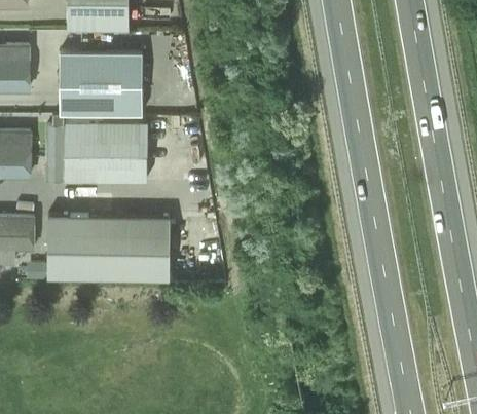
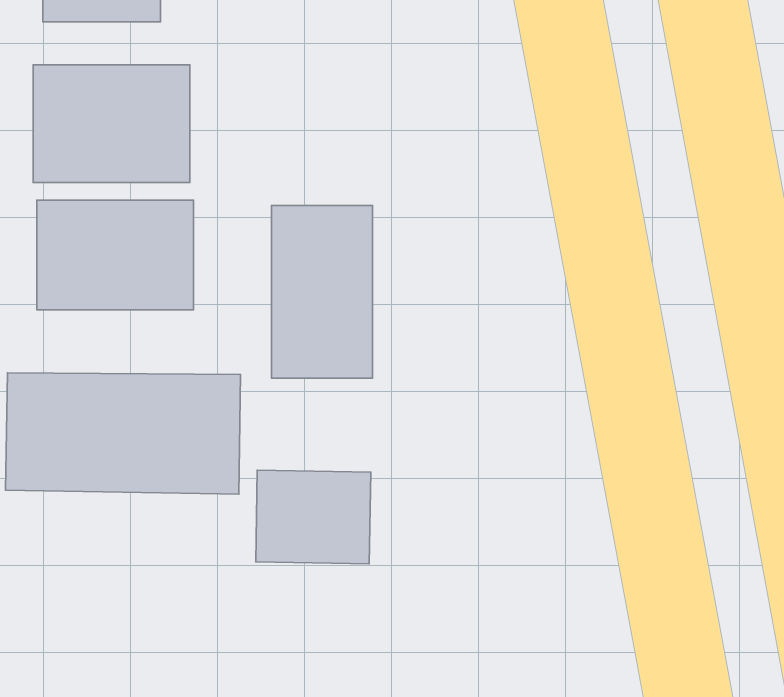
building: none -> [272,205,373,378]
building: none -> [256,470,371,564]

